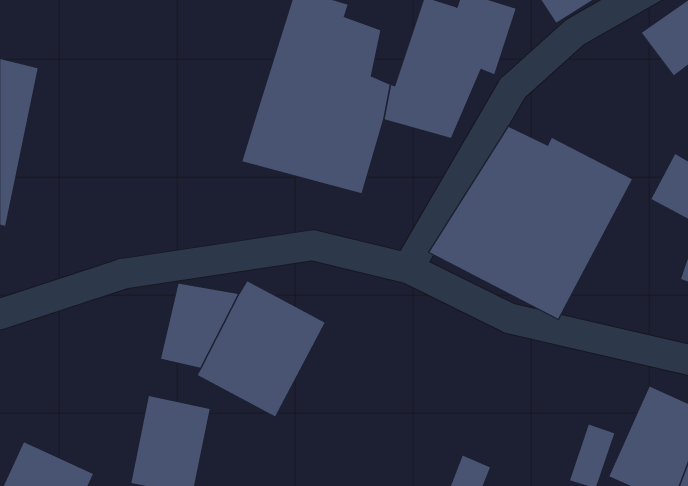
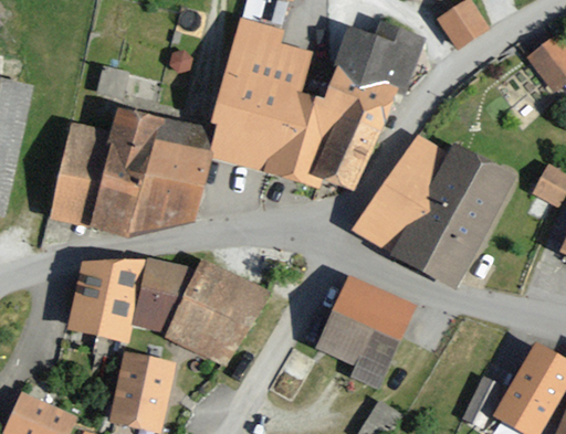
building: none -> [45,102,211,239]
building: none -> [297,126,370,192]
building: none -> [70,260,147,342]
building: none -> [314,274,415,388]

